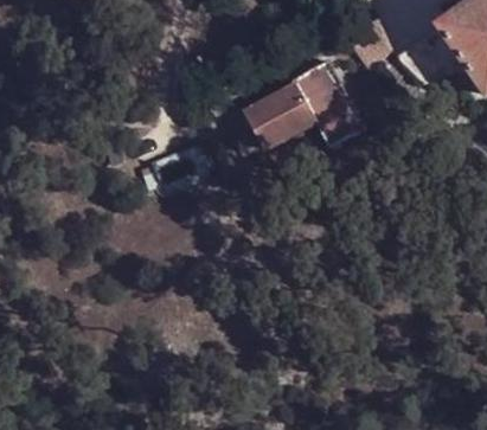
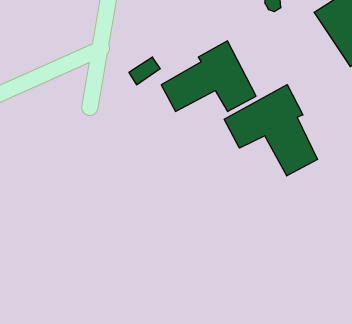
building: none -> [224,85,318,176]

